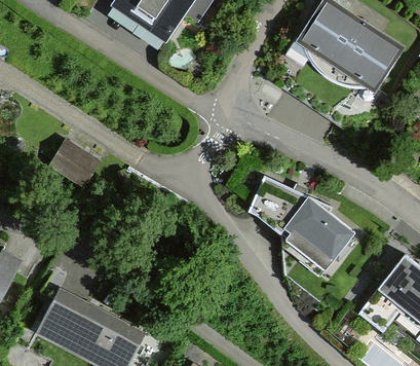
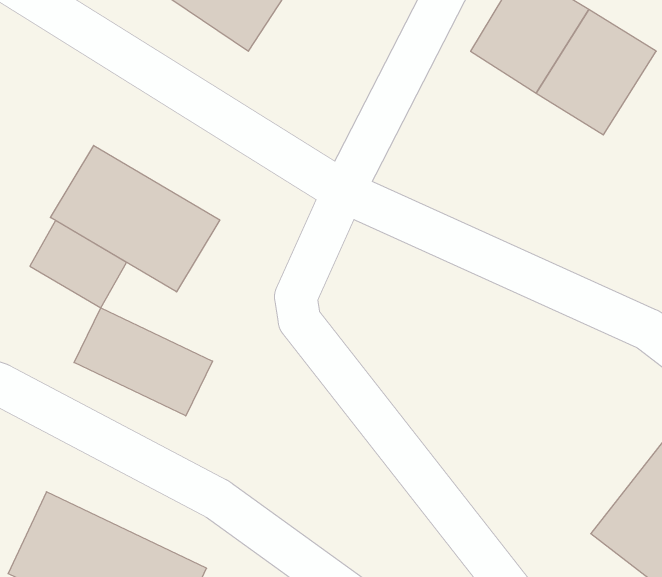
building: none -> [50,145,220,292]
building: [252,180,351,270] -> none
building: none -> [74,308,213,416]

